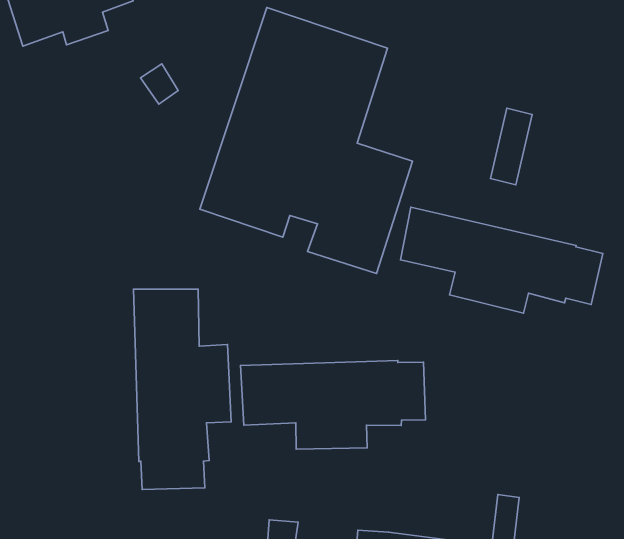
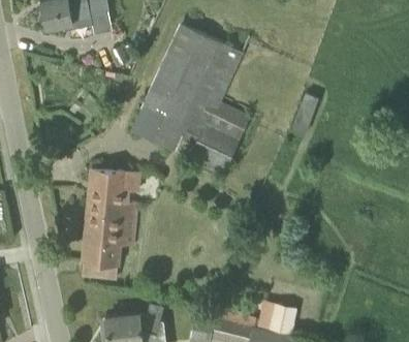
building: [401,207,603,313] -> none
building: [240,361,426,449] -> none

